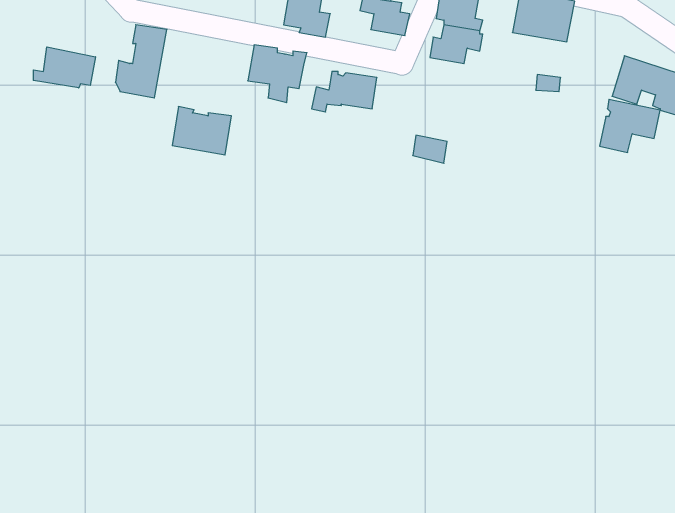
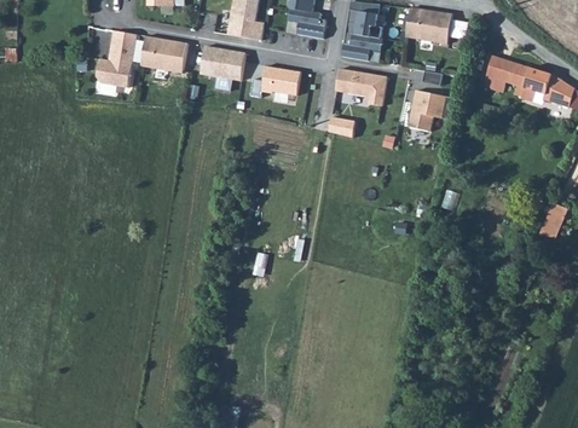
building: [33,47,95,88] -> none
building: none -> [334,68,385,106]
building: [600,99,660,152] -> [408,89,455,131]
building: [172,107,231,155] -> [140,35,186,73]

